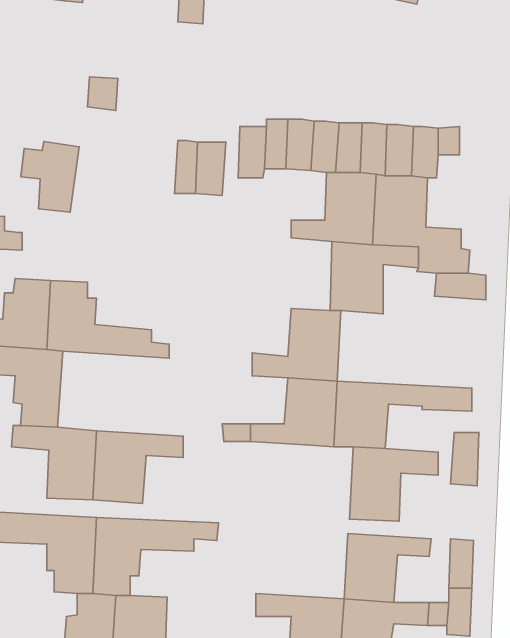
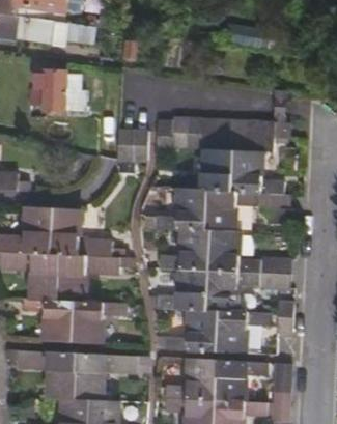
building: [21,142,79,212] -> [33,70,67,112]
building: none -> [158,185,209,227]
building: none -> [213,227,292,273]
building: none -> [49,251,122,298]
building: none -> [170,306,222,349]
building: none -> [165,356,219,396]

